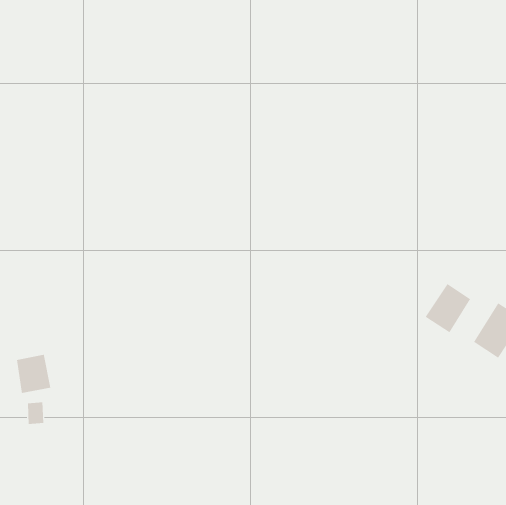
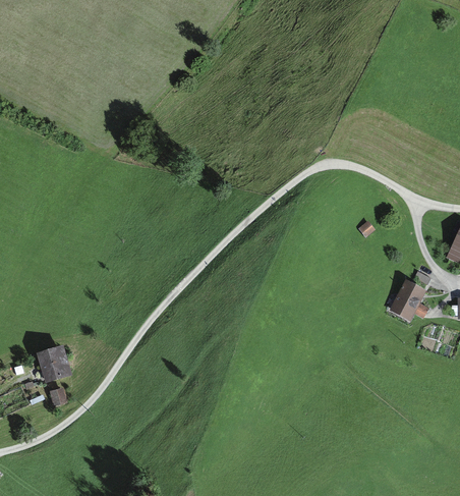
building: [425,283,471,333] -> none

